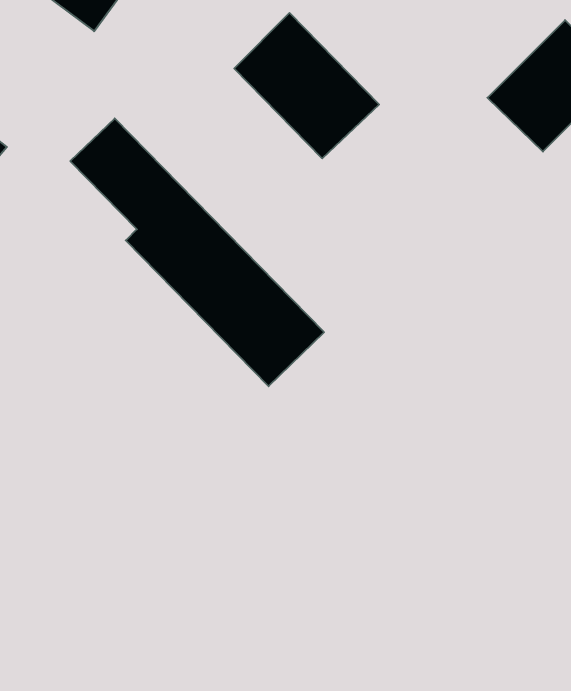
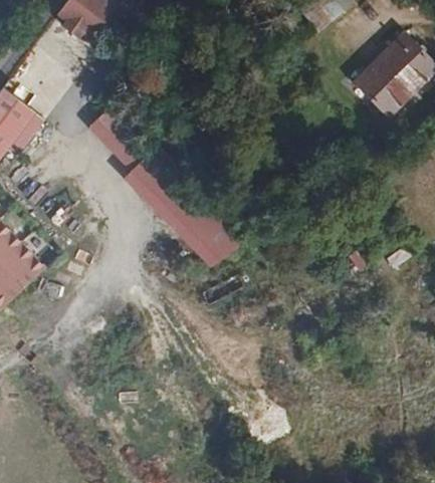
building: [234,13,379,158] -> none

